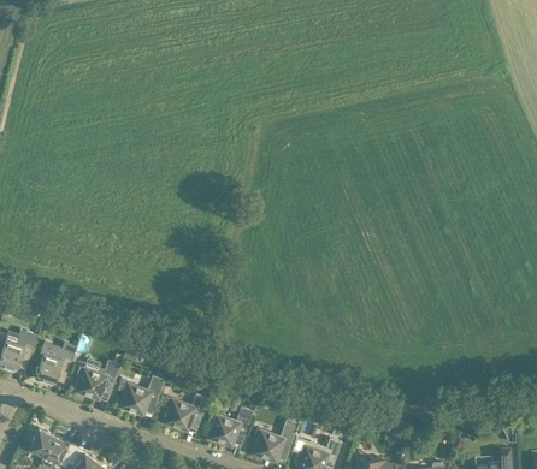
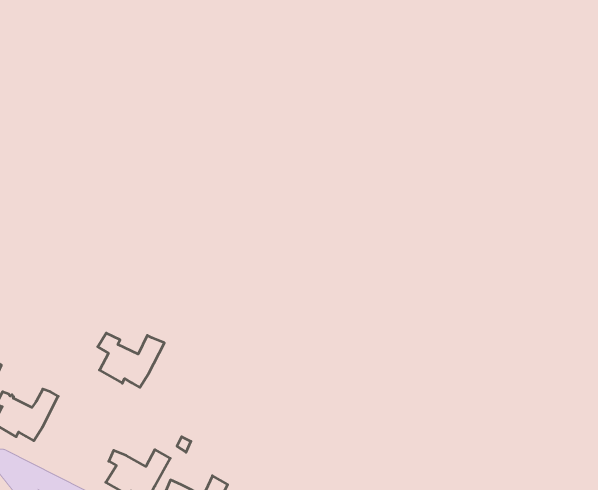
building: [117,375,165,414] -> [98,333,164,387]

